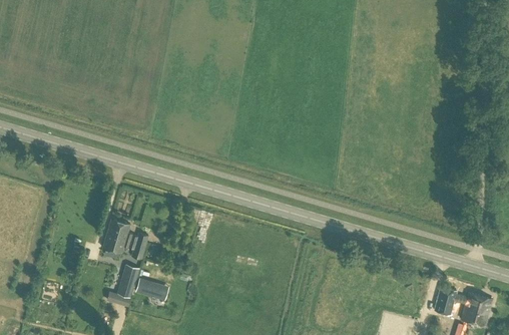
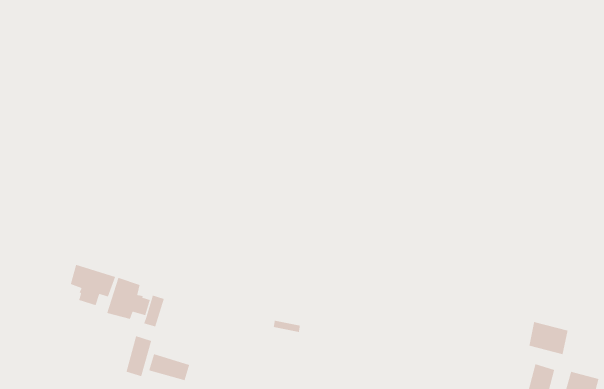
building: none -> [70,264,116,306]
building: none -> [528,321,568,355]

